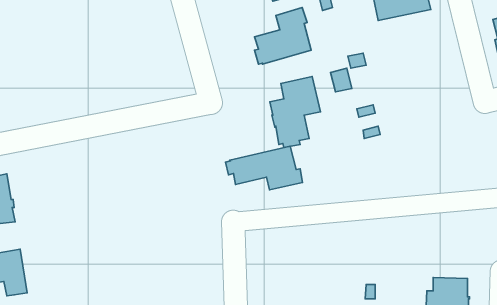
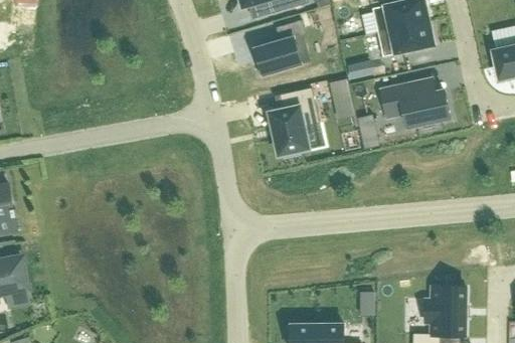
building: none -> [376,21,434,56]
building: none -> [379,78,450,129]
building: [226,146,303,190] -> none

